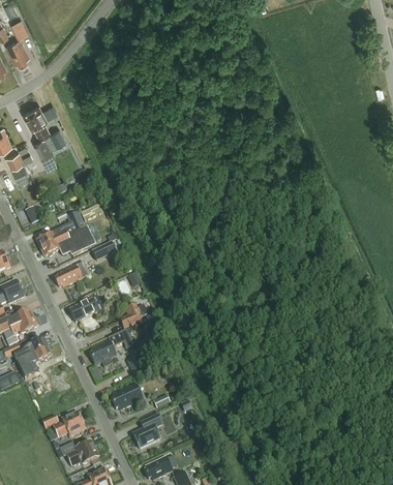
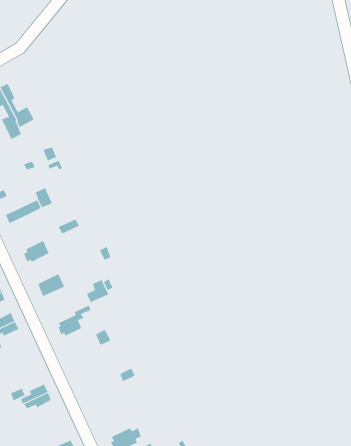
building: [40,226,93,256] -> none
building: [111,385,143,411] -> none
building: [132,416,161,449] -> none
building: [59,441,98,466] -> none

